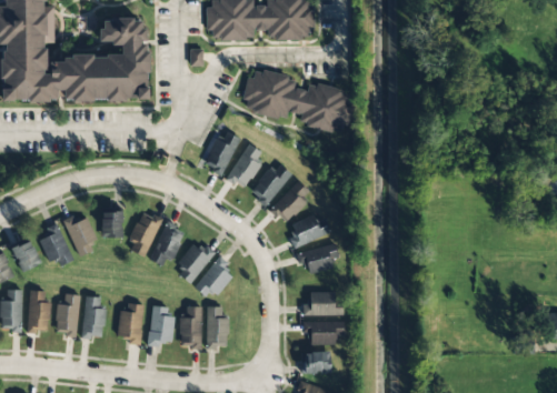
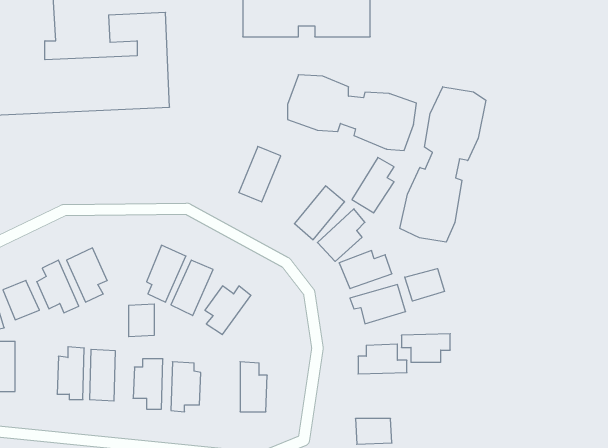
building: none -> [400,87,486,242]
building: [227,143,261,189] -> [352,157,394,213]
building: [102,211,123,238] -> [129,304,154,337]
building: none -> [405,269,444,301]
building: [195,255,233,296] -> none
building: [29,290,50,332] -> none
building: [180,306,202,349] -> none
building: [304,321,344,344] -> [401,334,450,362]

